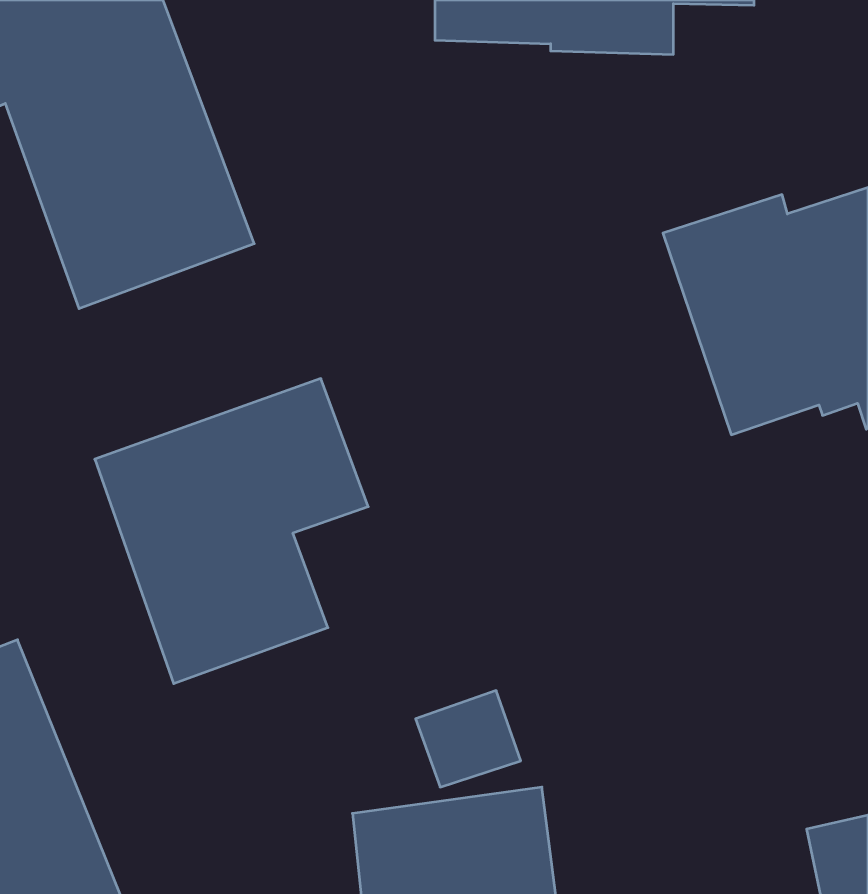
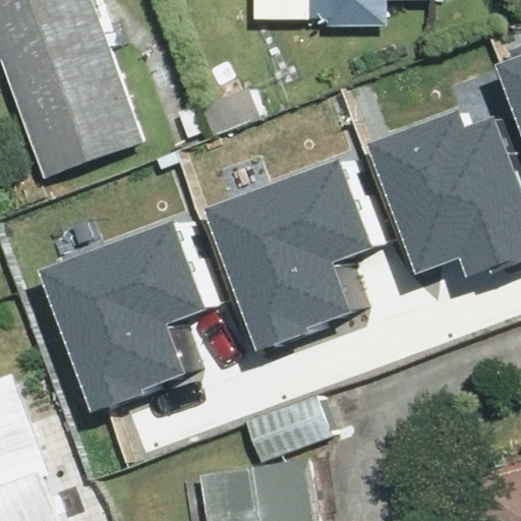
building: none -> [221,154,380,331]

